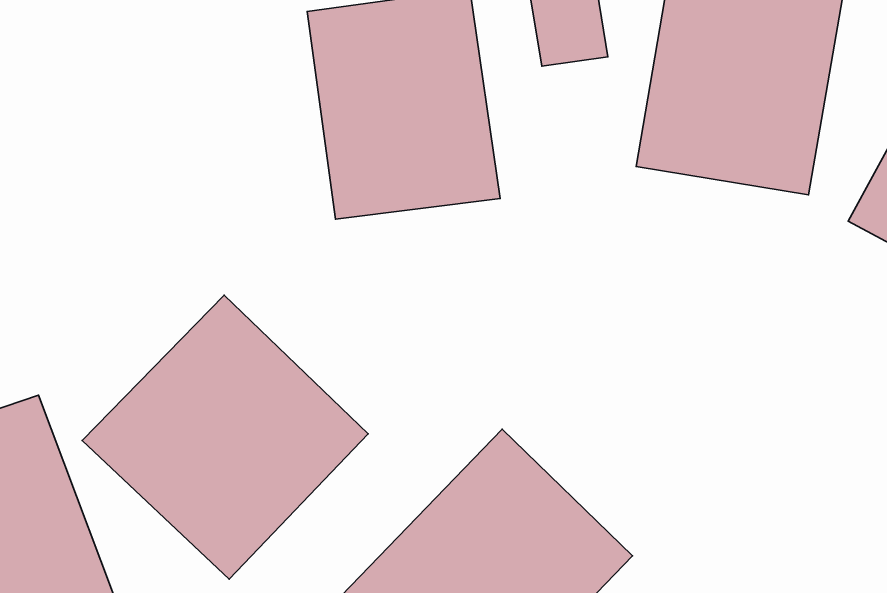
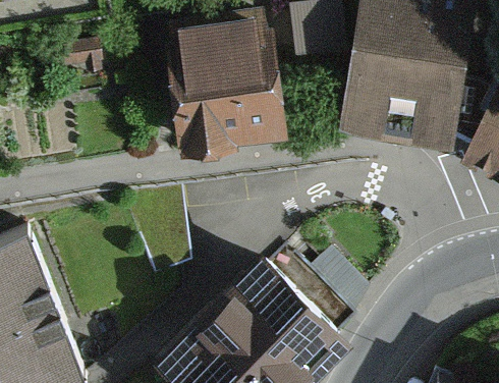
building: [82,295,368,579] -> none

